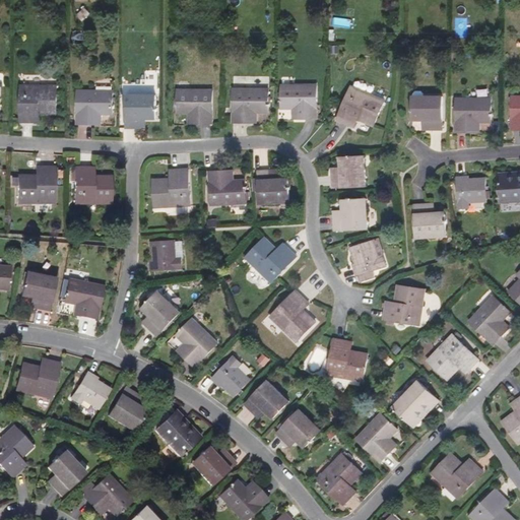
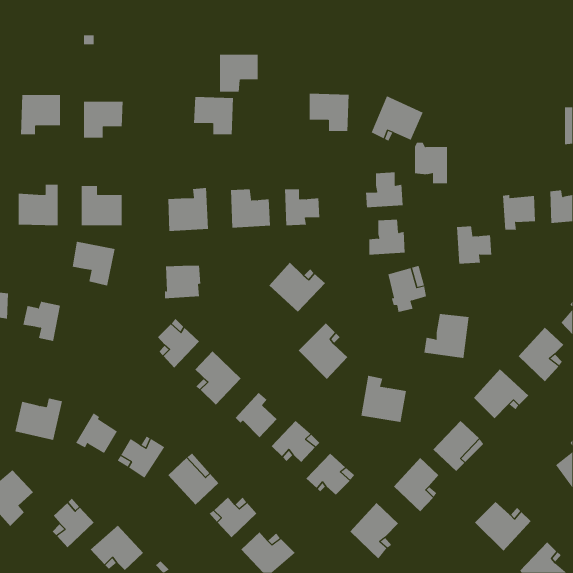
building: [232,89,267,124] -> [219,54,259,92]
building: [410,91,441,129] -> [414,142,448,184]
building: [125,95,156,129] -> none
building: [454,99,491,133] -> none
building: [63,276,103,317] -> [72,241,116,286]

